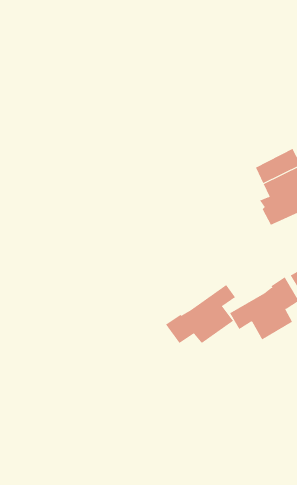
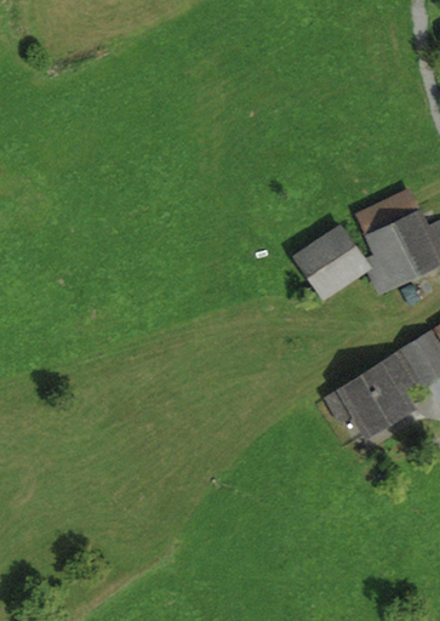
building: none -> [301,229,370,294]
building: [165,284,236,344] -> none

